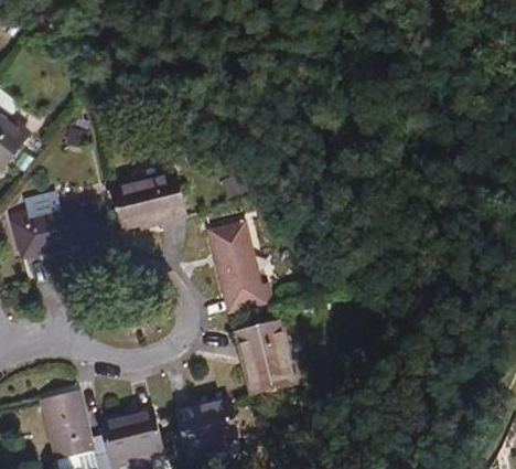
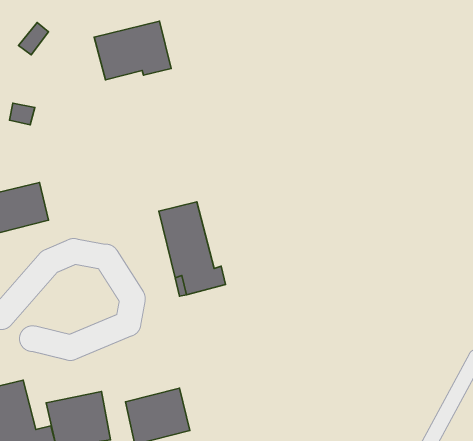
building: [111,171,185,227] -> [94,21,171,80]
building: [233,321,293,392] -> none

